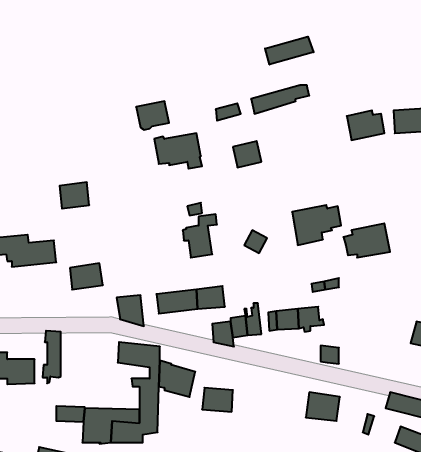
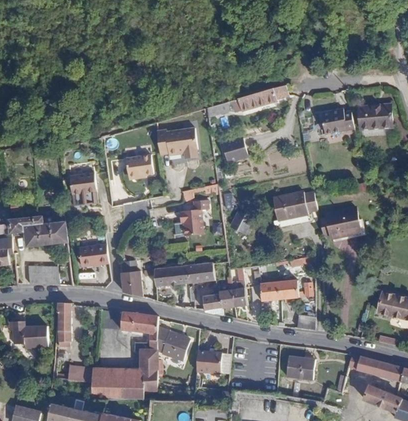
building: [265,37,314,65] -> none
building: [136,101,169,130] -> [121,153,150,178]
building: none -> [25,265,59,284]

